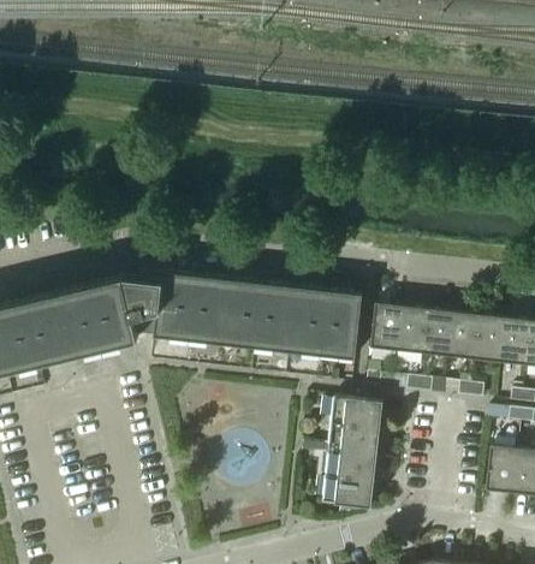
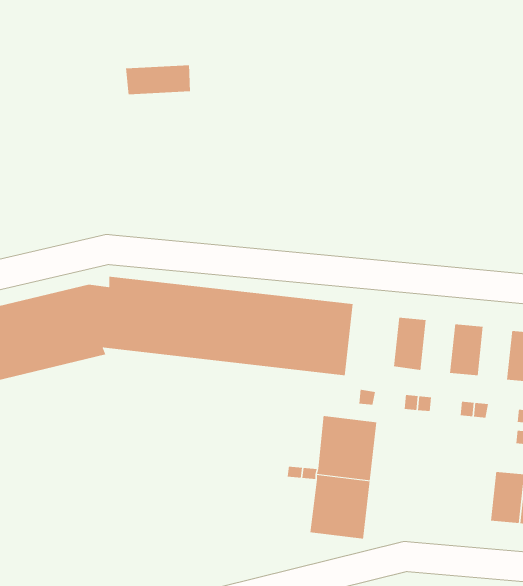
building: none -> [126,65,191,95]
building: [370,302,403,350] -> none
building: [423,308,453,356] -> none
building: [475,314,505,362] -> none

